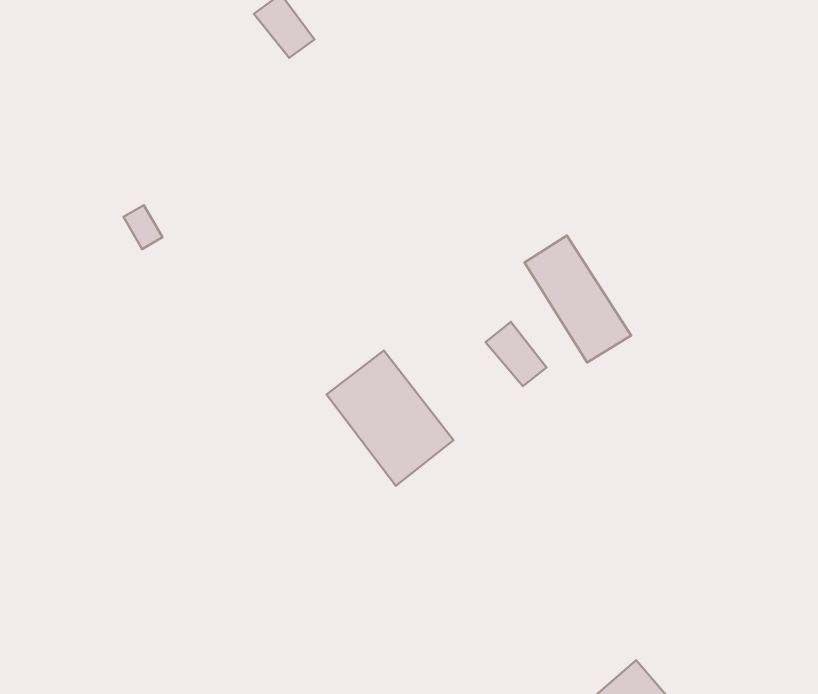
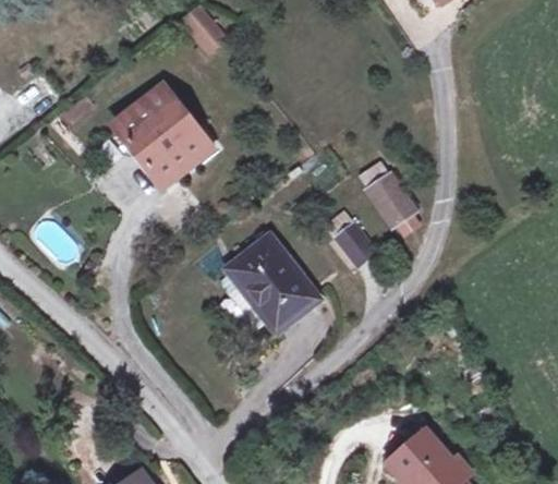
building: none -> [121,90,214,189]

